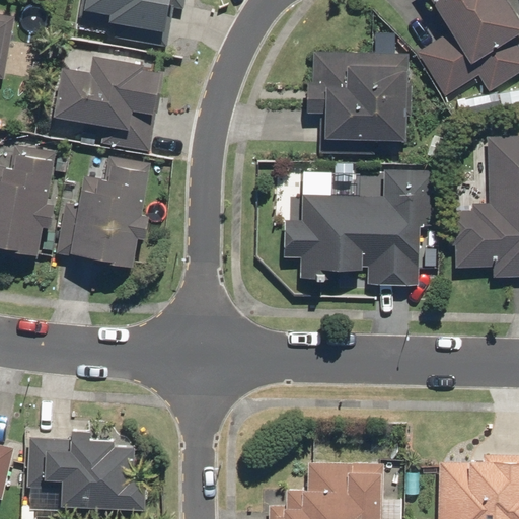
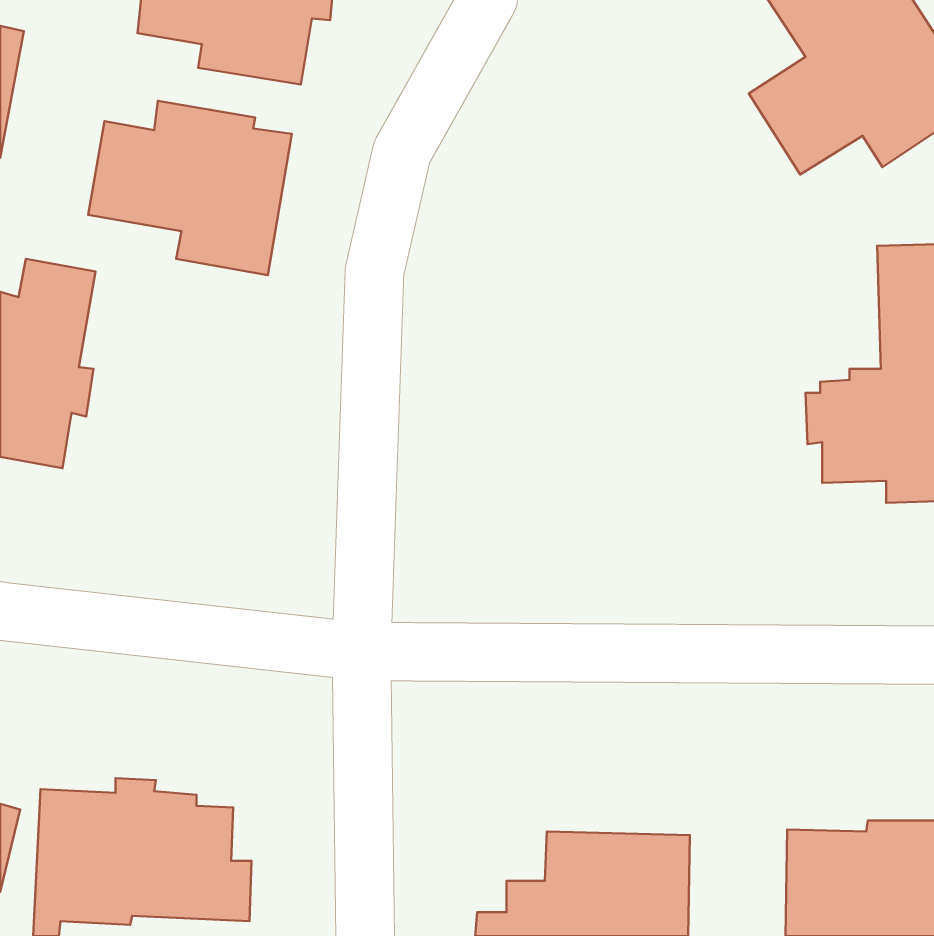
building: [304,52,410,154] -> none
building: [55,154,147,270] -> none
building: [283,169,434,286] -> none

